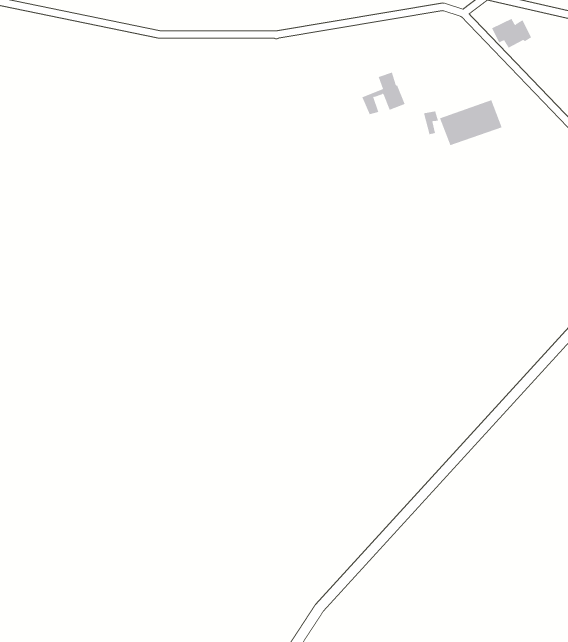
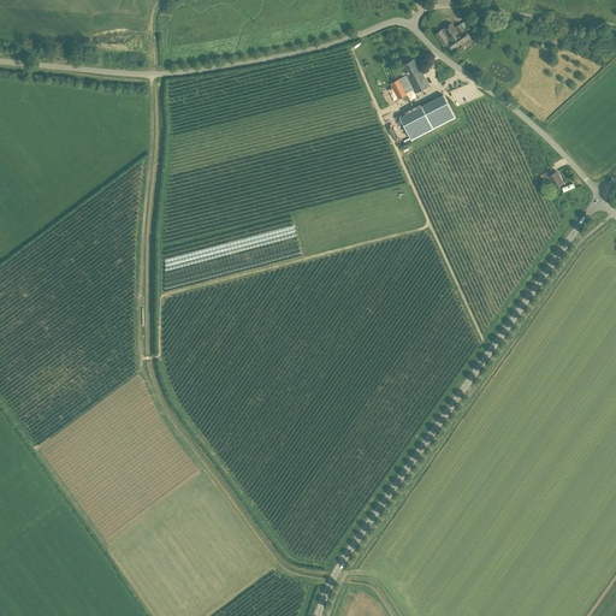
building: [361,72,405,115] -> [390,58,428,97]

